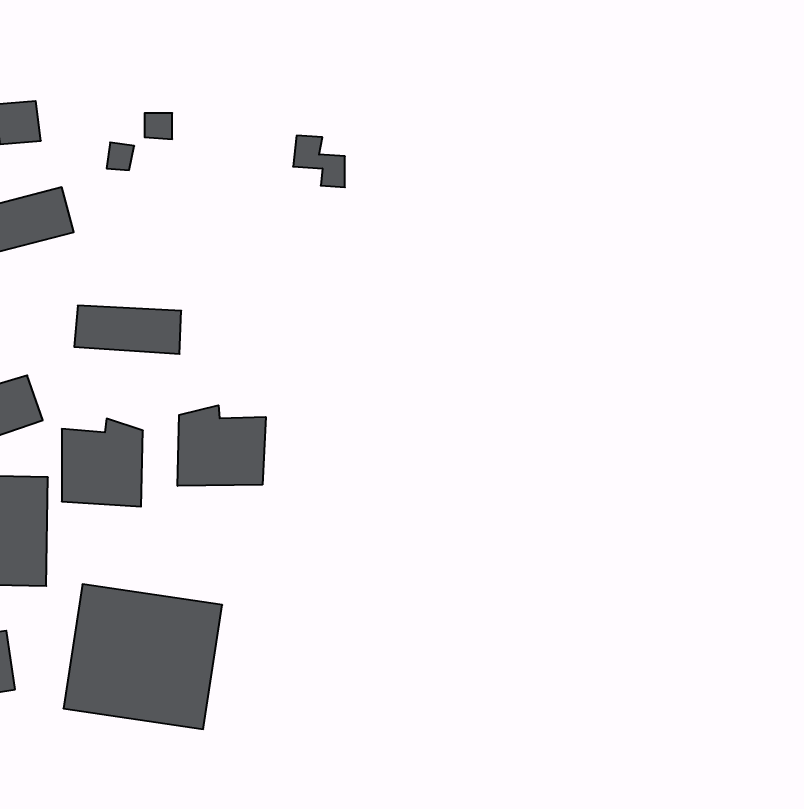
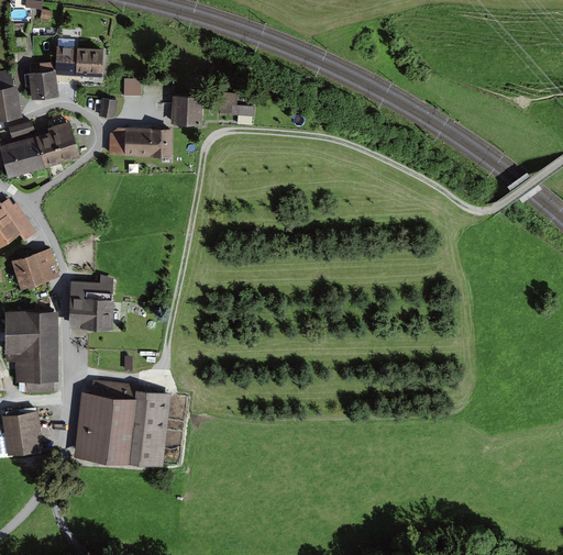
building: none -> [57,48,103,79]
building: none -> [169,98,194,125]
building: [74,306,181,354] -> [107,129,175,159]
building: [178,405,266,486] -> none

